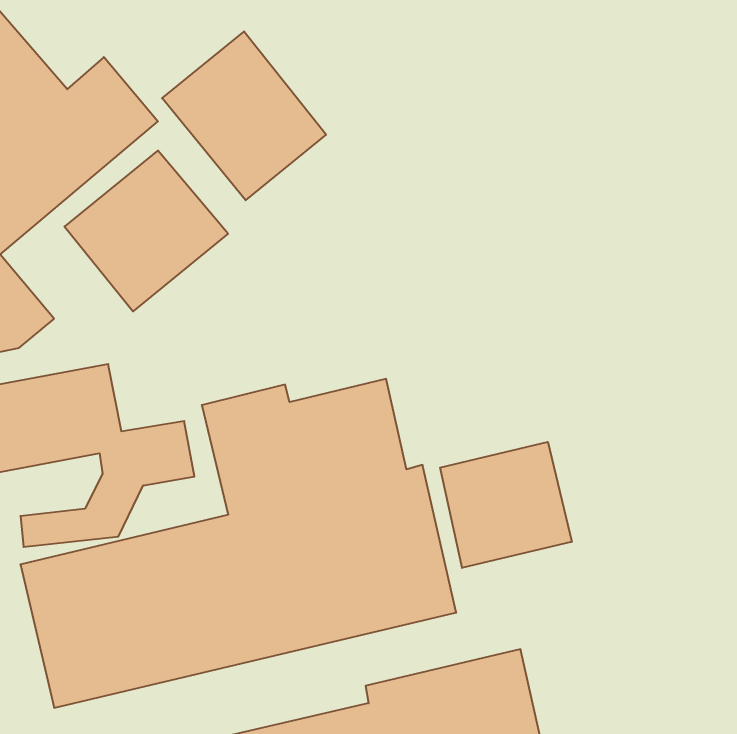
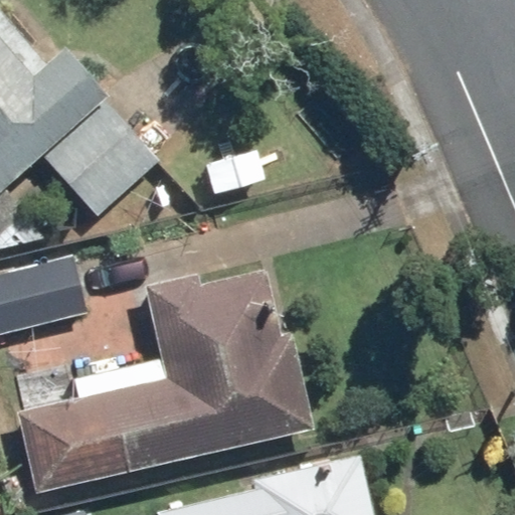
building: [162,31,326,200] -> none
building: [440,442,572,568] -> none

